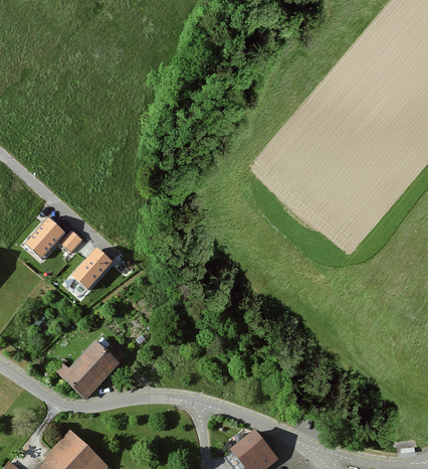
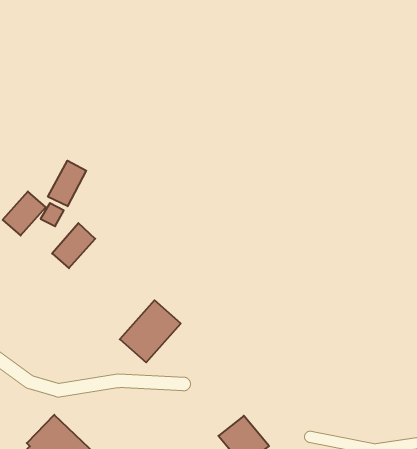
building: none -> [48,161,86,206]
building: [62,340,121,400] -> [120,300,181,362]

